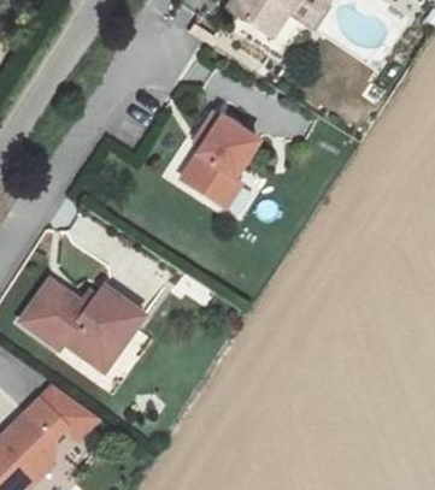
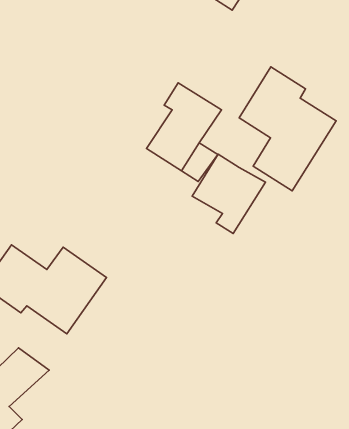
building: none -> [239,67,336,191]
building: none -> [192,154,265,233]

